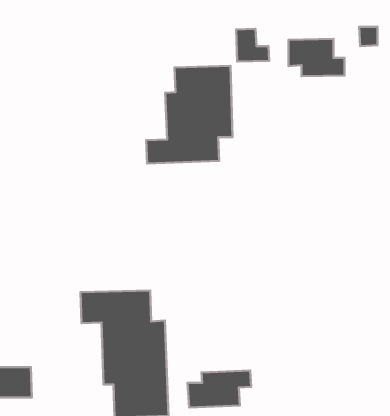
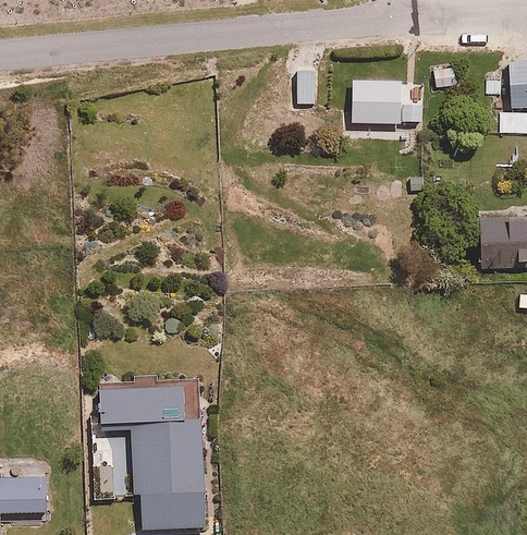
building: [146,66,233,163] -> none
building: [188,371,251,407] -> none

